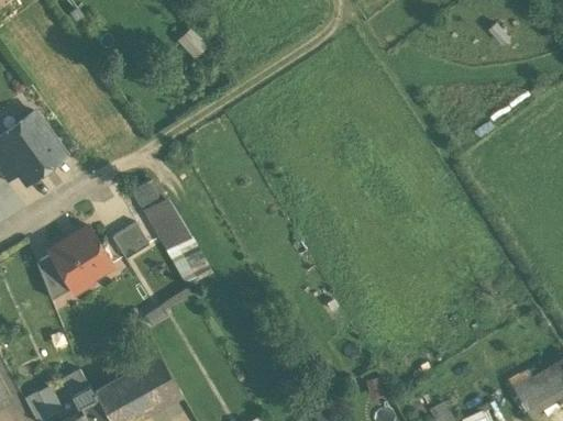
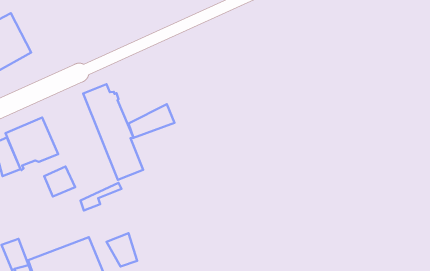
building: none -> [128,104,174,138]
building: [112,223,150,259] -> [44,167,75,196]
building: none -> [106,233,137,267]

